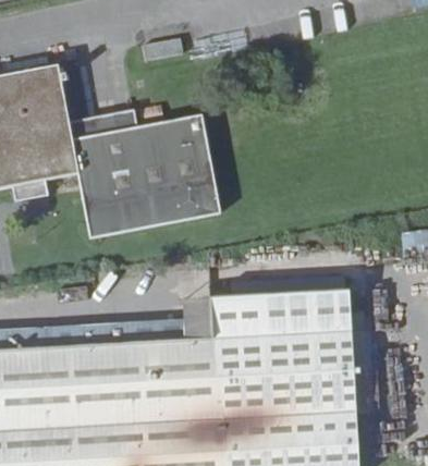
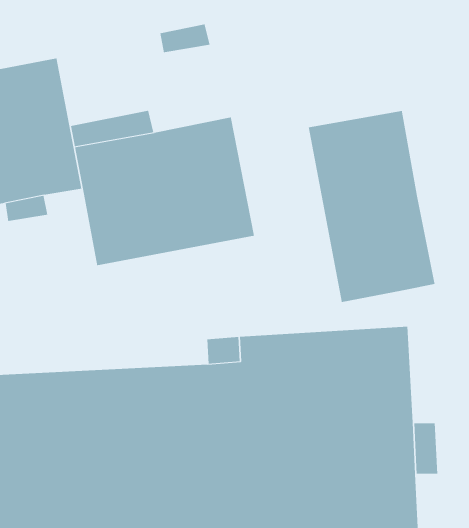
building: none -> [308,110,435,303]

